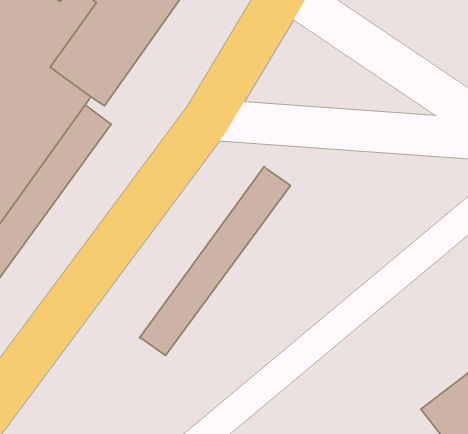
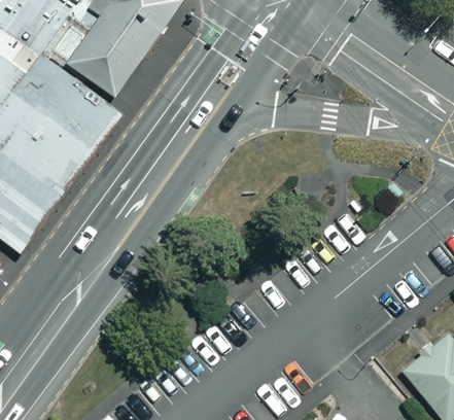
building: [139,167,290,356] -> none

